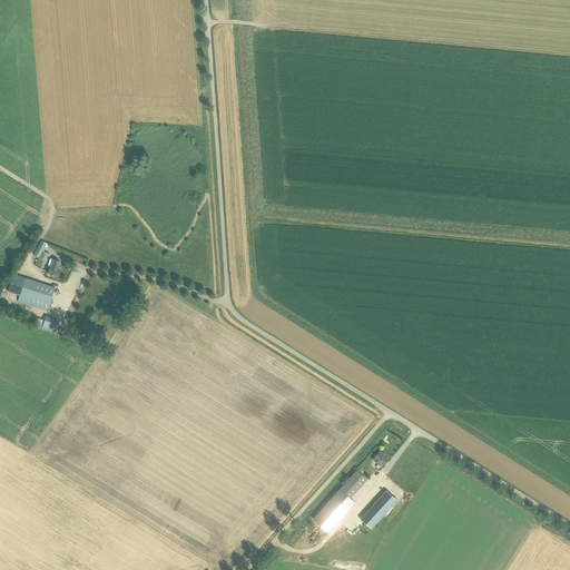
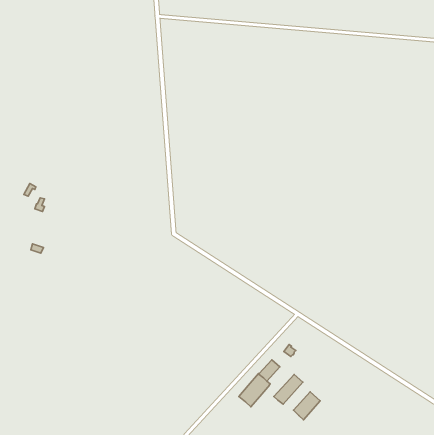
building: [16,277,52,309] -> none
building: none -> [293,392,320,420]

